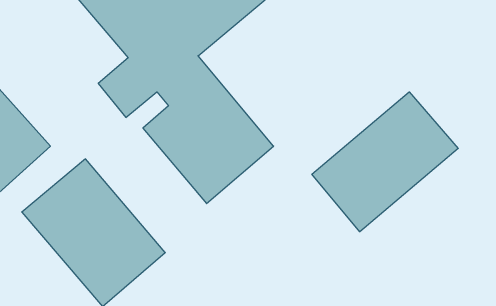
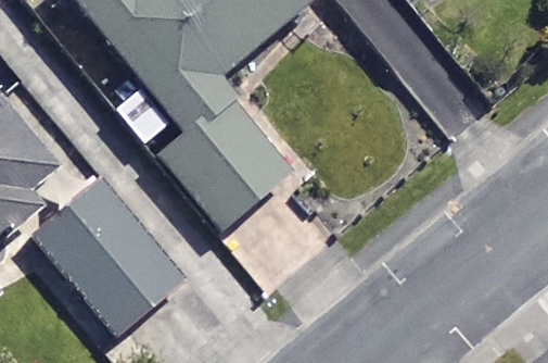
building: [312,92,458,232] -> none

